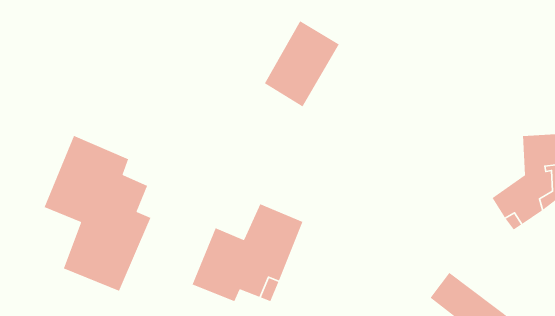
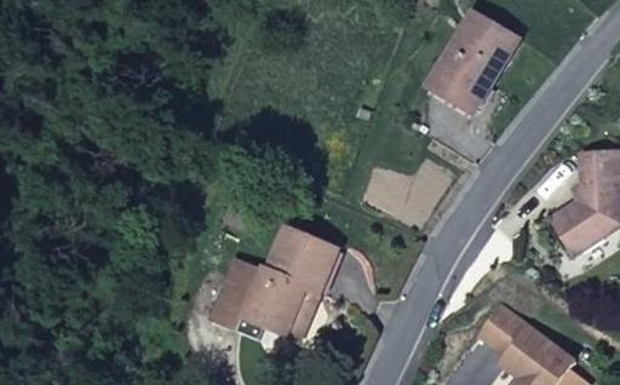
building: [264,20,340,107] -> [435,11,519,108]
building: [43,135,152,292] -> none

